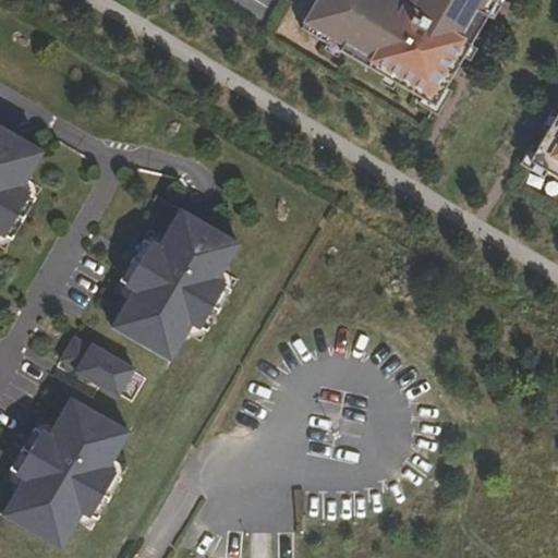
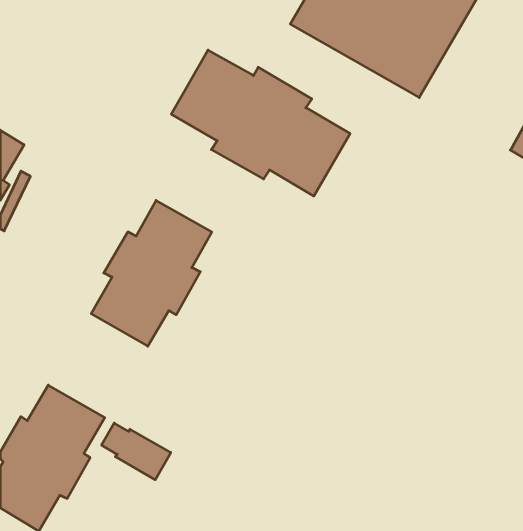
building: none -> [171,50,350,196]
building: [65,337,137,396] -> [102,423,171,480]

